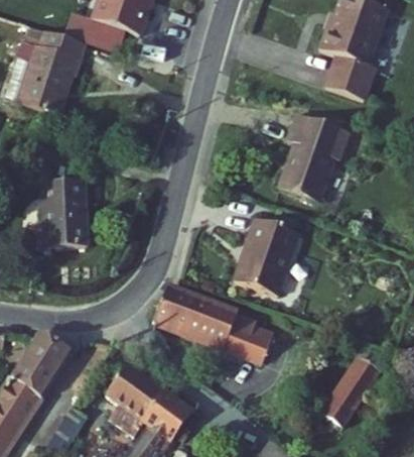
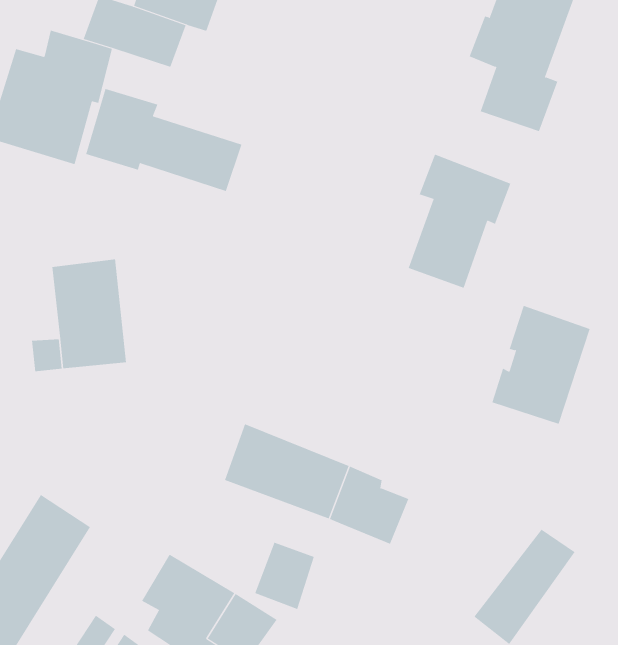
building: none -> [85,88,242,192]
building: [236,218,299,295] -> [492,305,590,424]
building: none -> [254,542,314,610]

